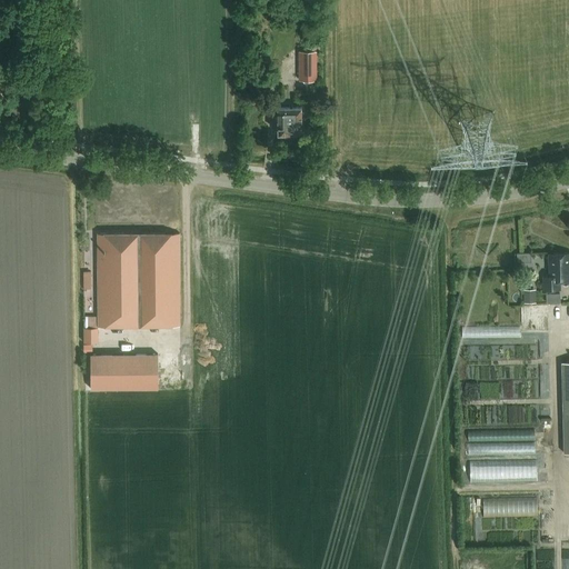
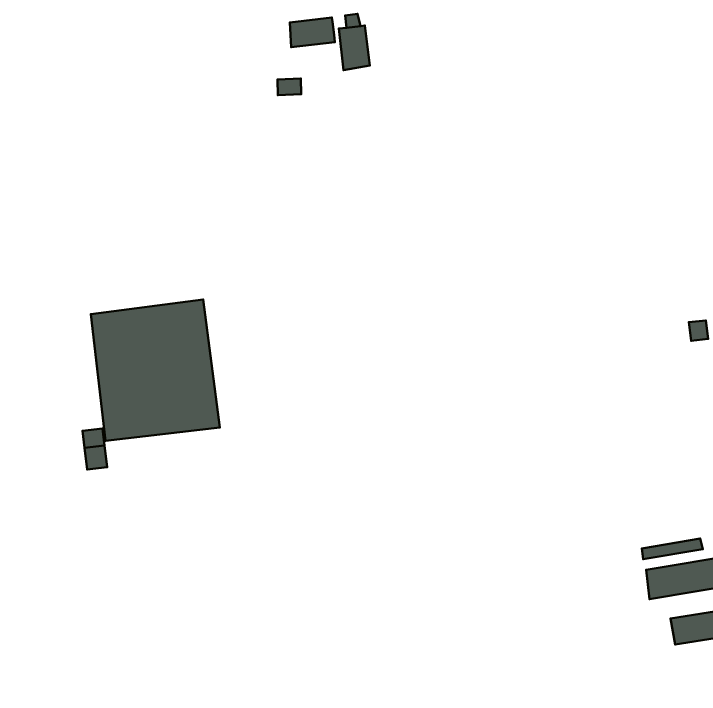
building: none -> [290,17,335,47]
building: [278,110,301,141] -> none
building: [89,356,157,391] -> none

